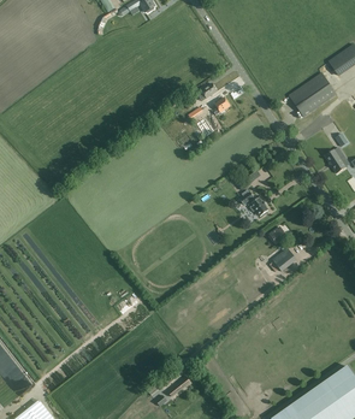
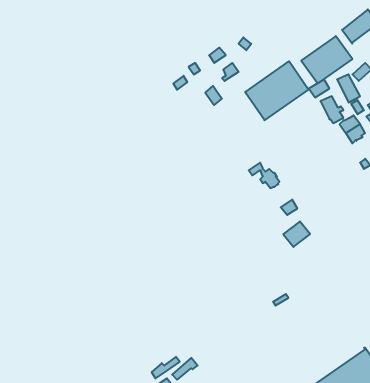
building: none -> [245,61,308,120]

